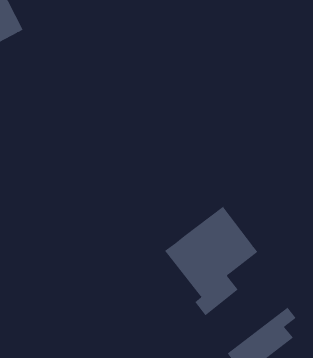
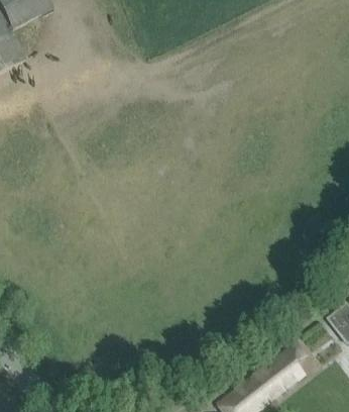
building: [164,206,258,316] -> none

